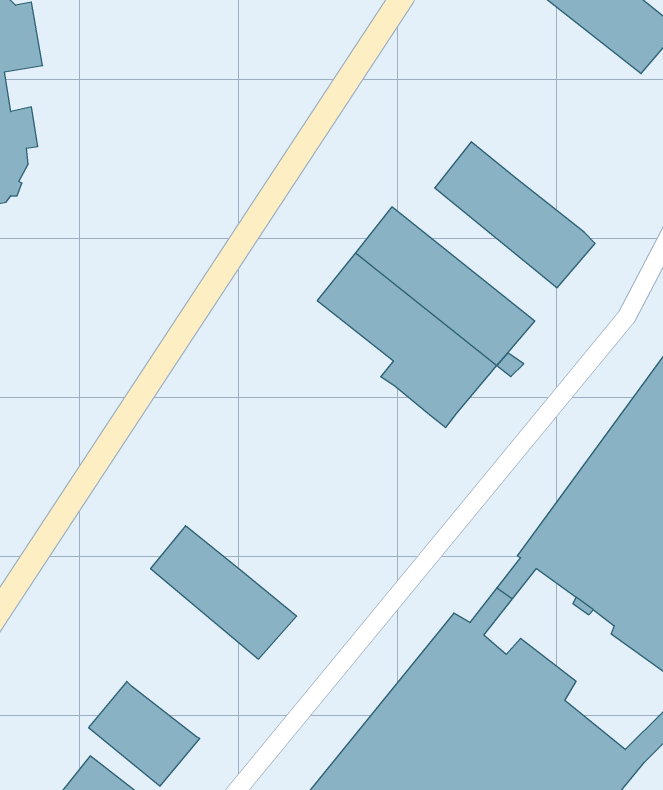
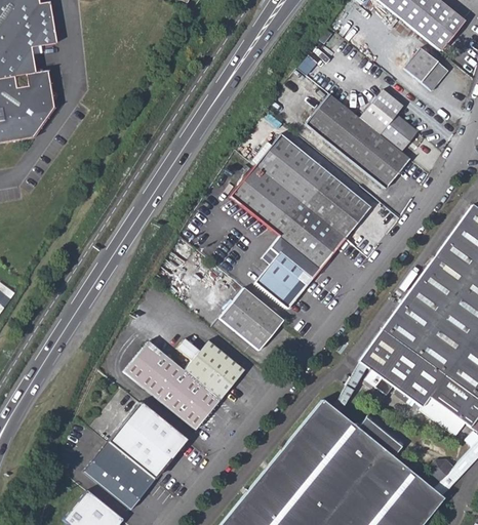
building: none -> [404,45,449,89]
building: none -> [360,86,421,152]
building: none -> [257,245,315,308]
building: none -> [210,279,286,350]
building: none -> [178,339,244,400]
building: none -> [109,403,188,478]

